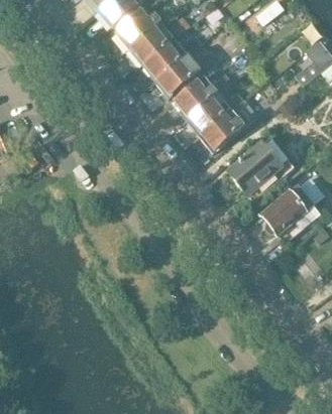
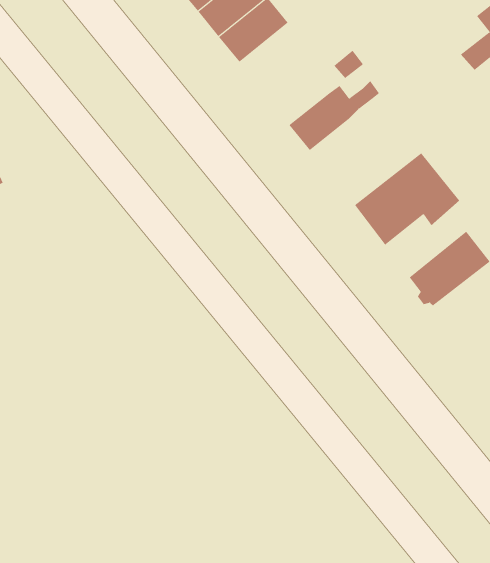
building: [155,54,200,97] -> none
building: [174,82,219,119] -> none
building: [200,99,258,151] -> none

